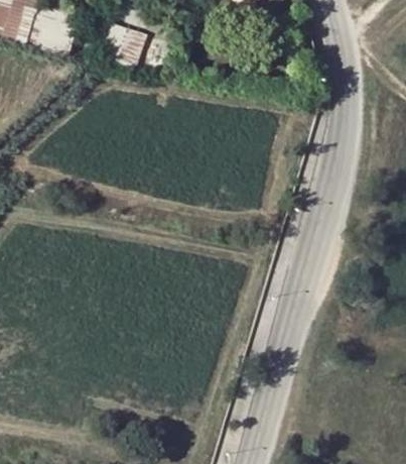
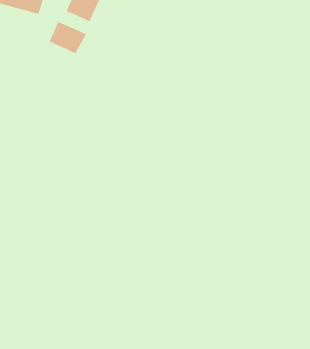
building: none -> [49,21,87,54]

